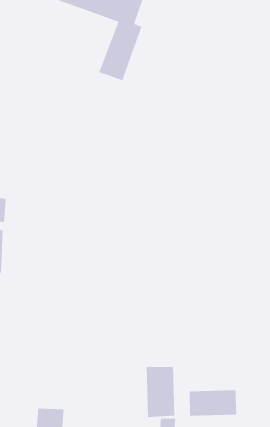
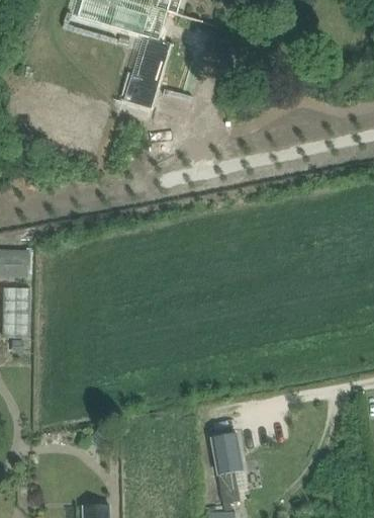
building: [189,390,237,416] -> none

